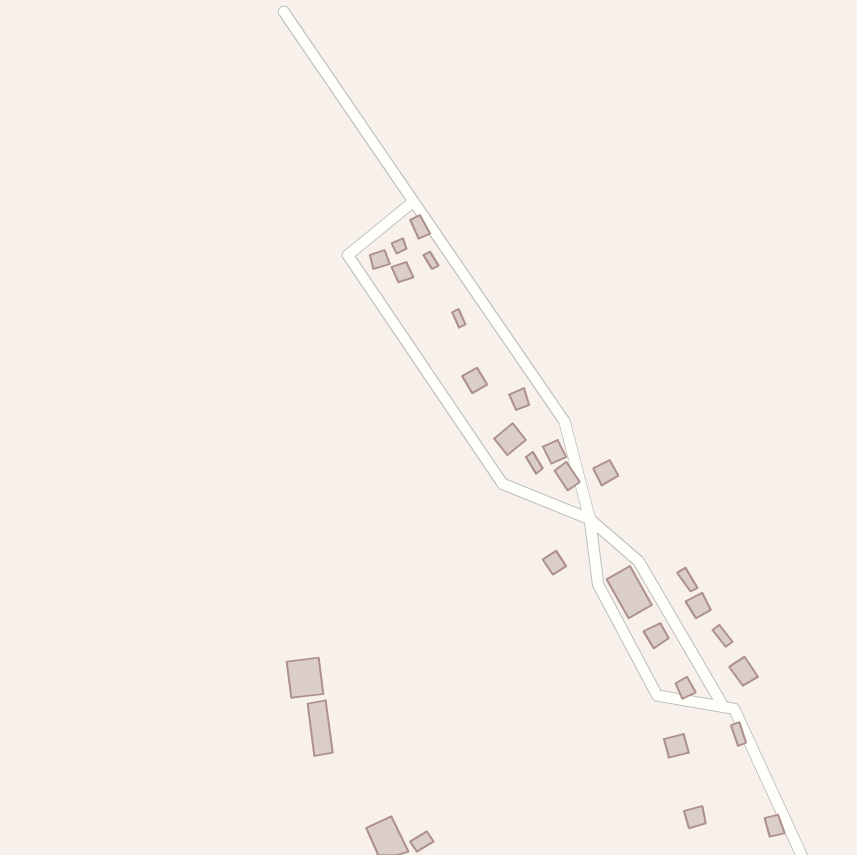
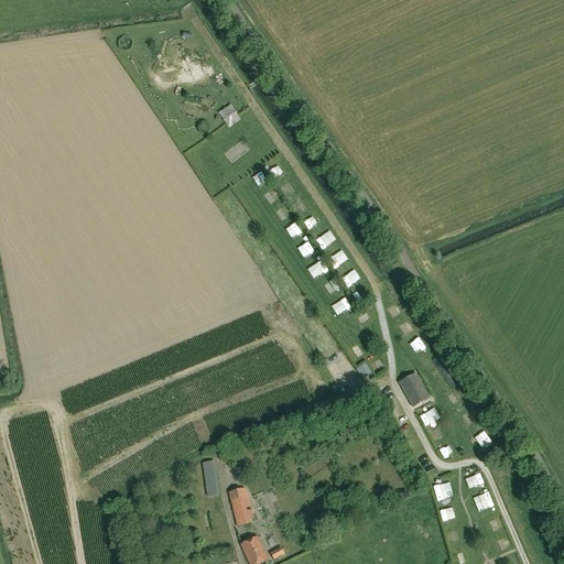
building: [287,658,323,698] -> none
building: none -> [228,487,253,527]

